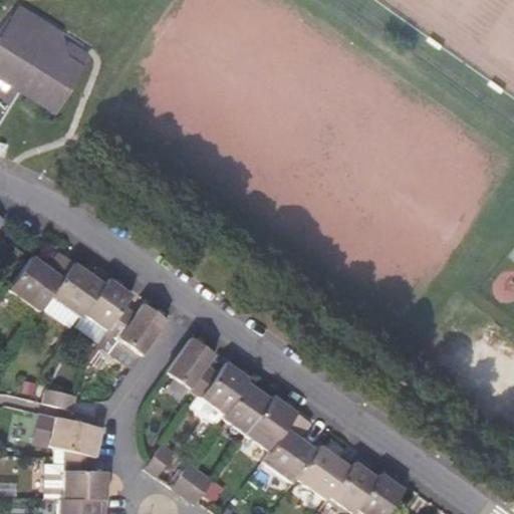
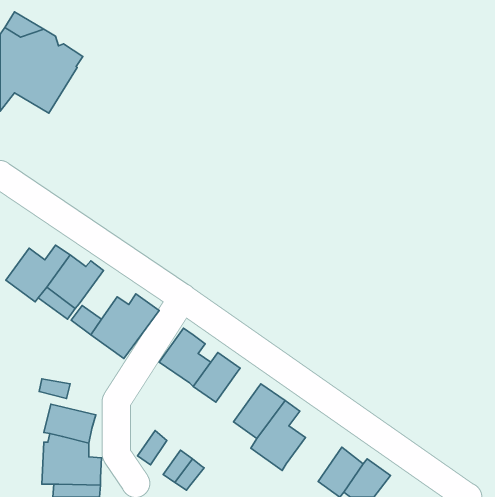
building: [85,278,133,328] -> none
building: [222,382,270,434] -> none
building: [298,446,355,499] -> none

